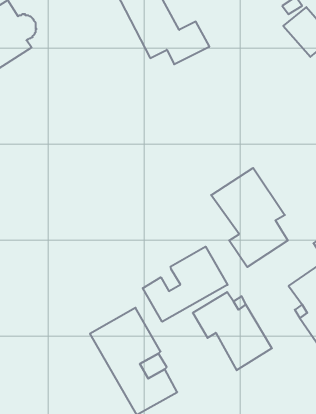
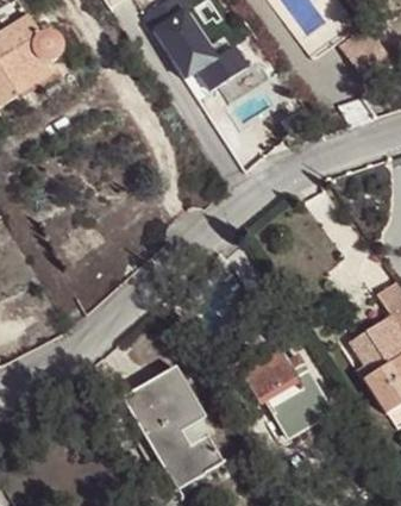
building: [211,168,288,267] -> none
building: [143,247,228,322] -> none

